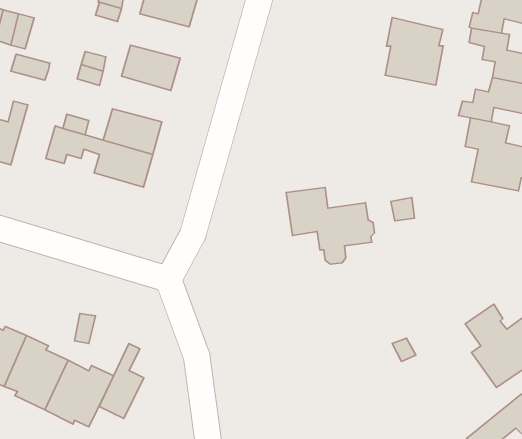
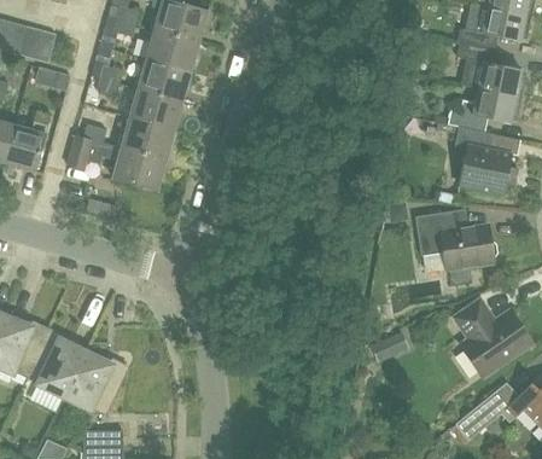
building: none -> [144,29,198,70]
building: [385,17,443,85] -> none
building: none -> [127,87,181,129]
building: [286,187,375,264] -> [415,210,497,281]
building: [99,344,144,418] -> none

